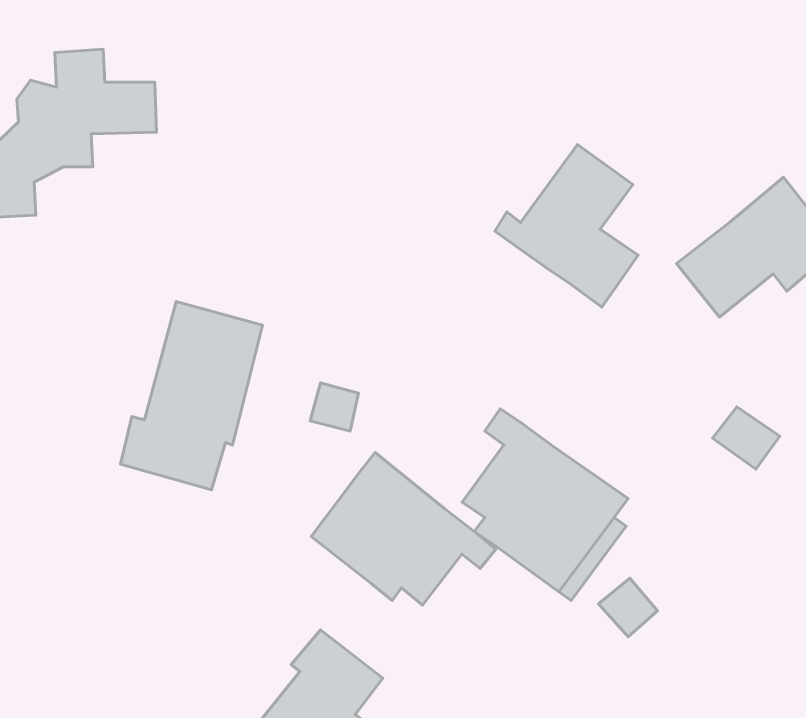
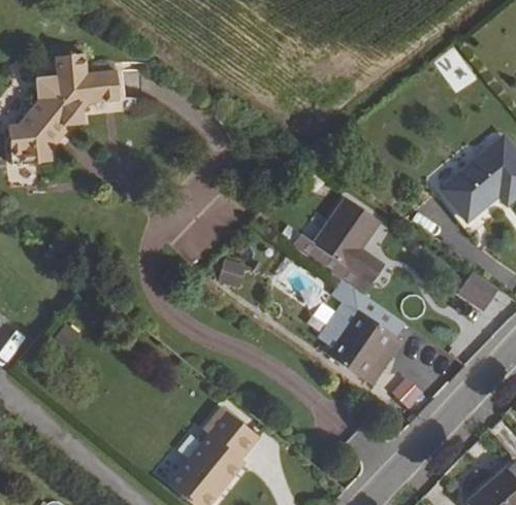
building: [495,145,638,307] -> [298,198,384,295]
building: [121,301,263,490] -> none
building: [311,452,496,605] -> none

